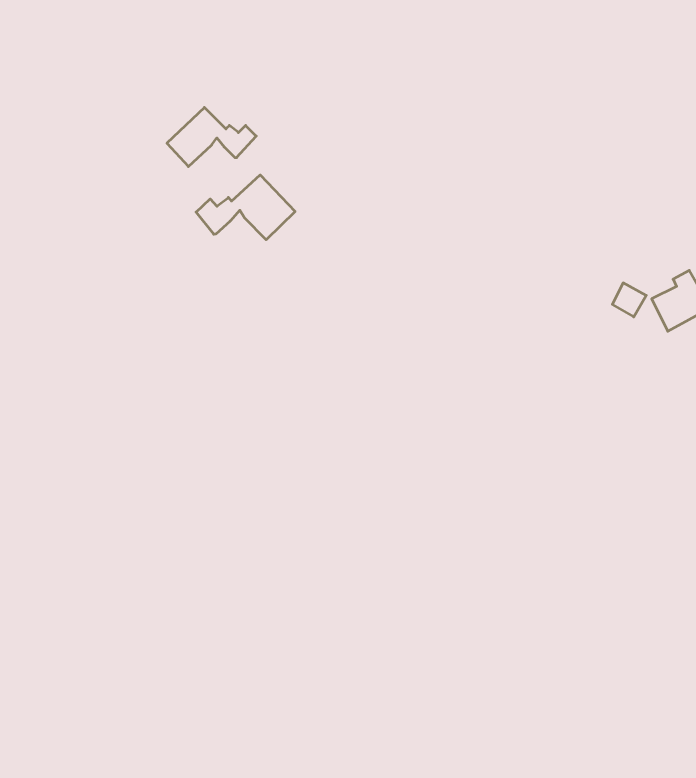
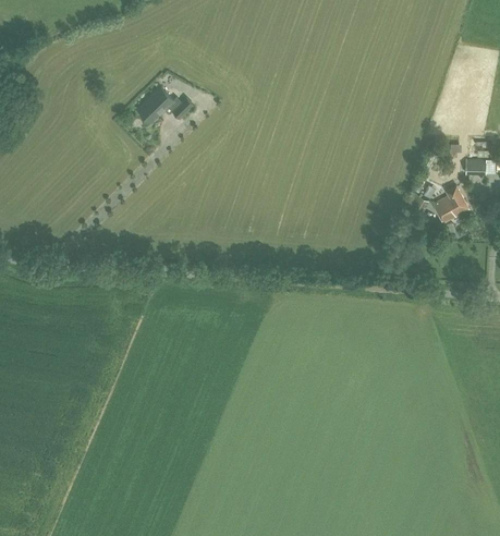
building: [196,175,295,240] -> none

